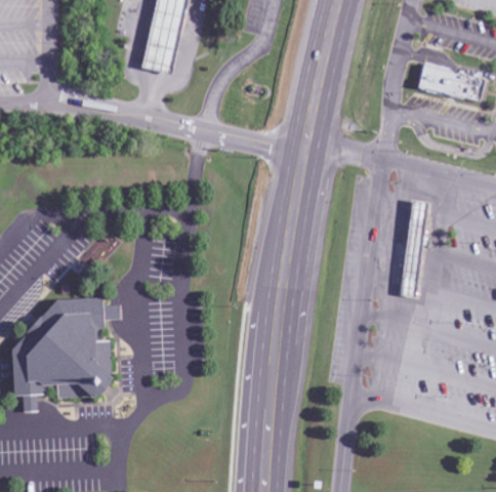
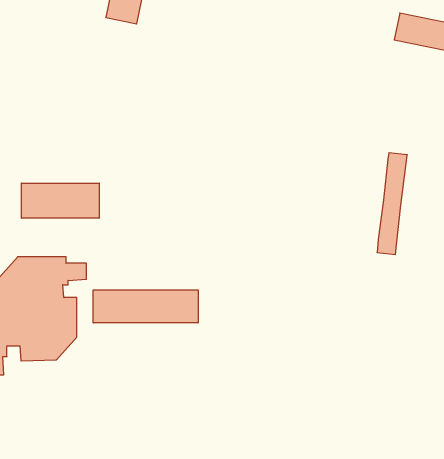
building: none -> [21,183,99,218]
building: none -> [93,290,198,323]

